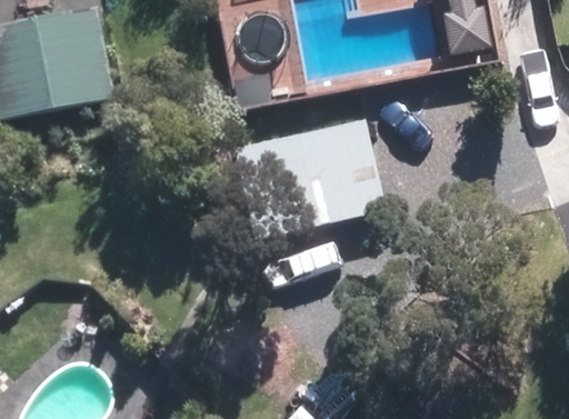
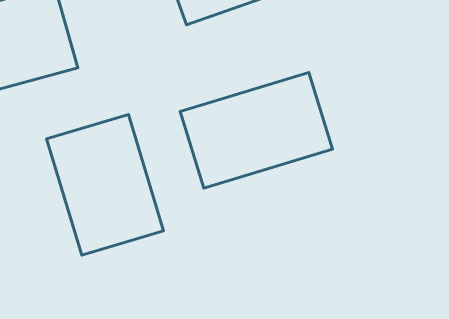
building: none -> [47,115,164,255]

